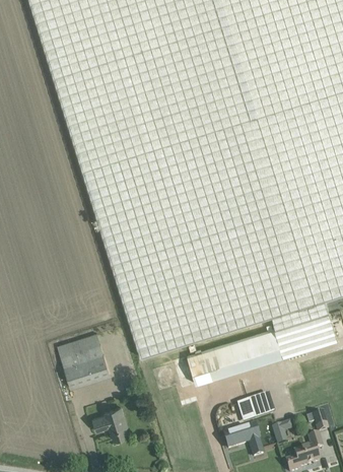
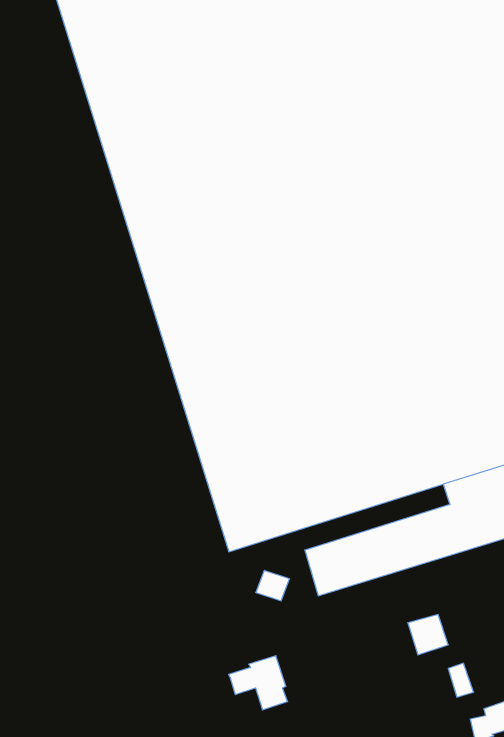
building: [57,334,110,388] -> none
building: [92,408,128,441] -> [229,656,288,710]
building: [224,424,263,456] -> none

